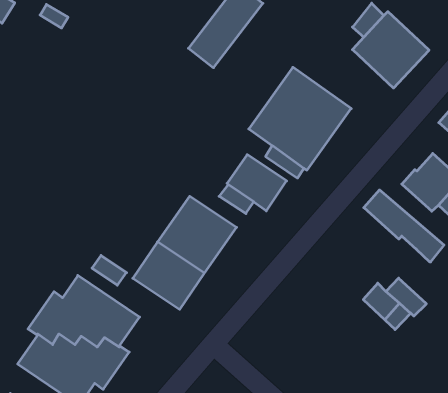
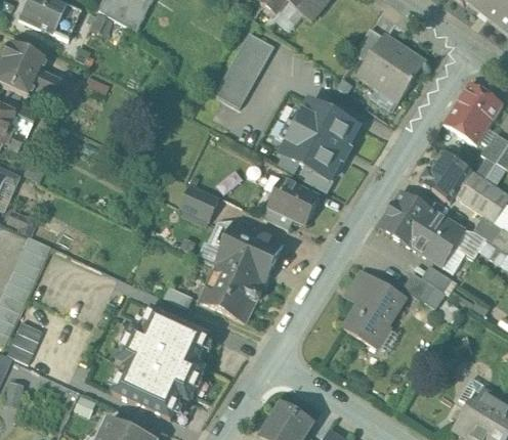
building: none -> [179,189,220,223]
building: none -> [379,208,455,266]
building: none -> [344,269,406,345]

